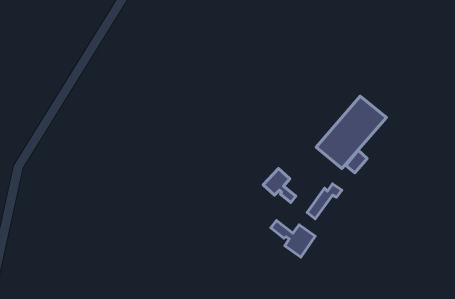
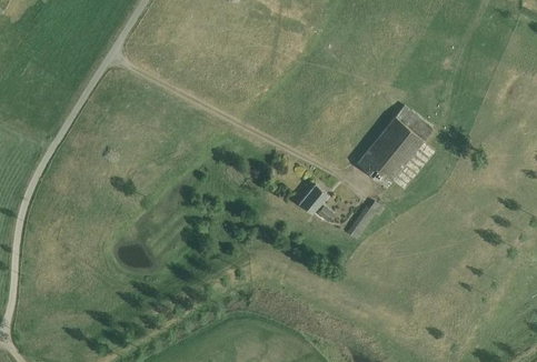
building: [271,221,315,257] -> none

